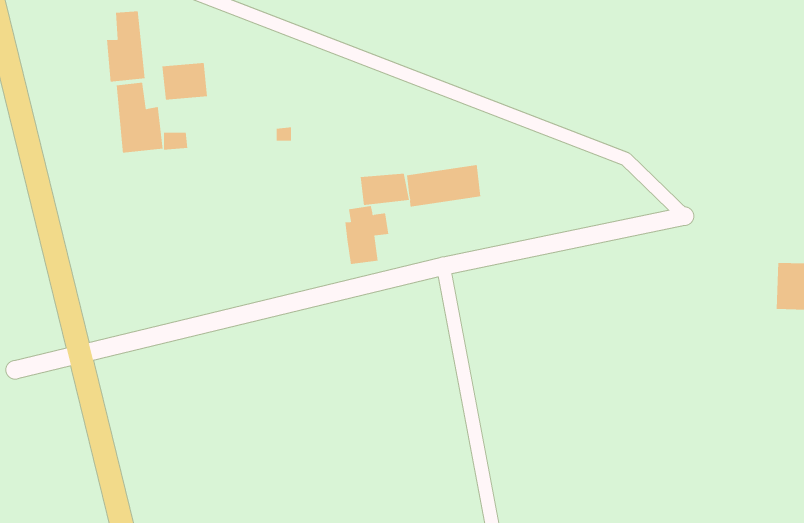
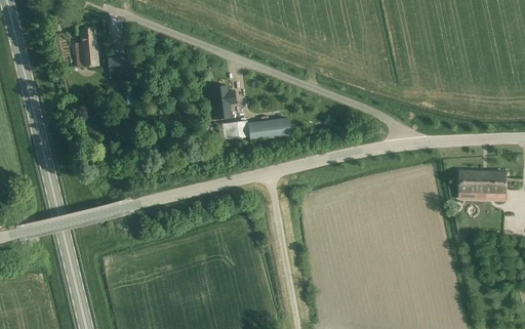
building: [116,82,163,153] -> none
building: [345,206,389,265] -> [211,86,237,120]

